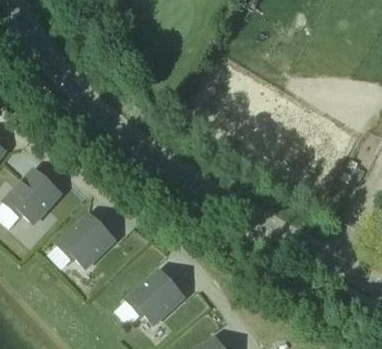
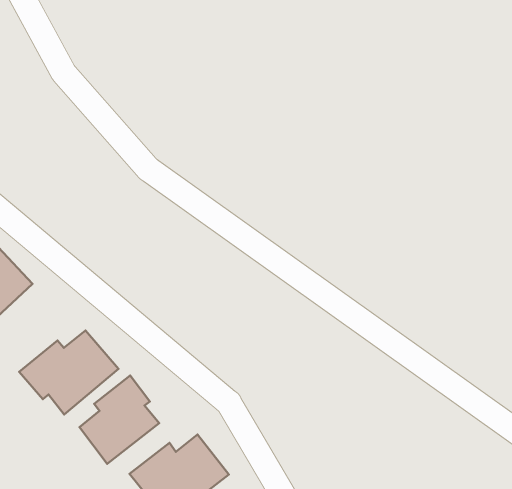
building: none -> [80,375,159,464]

